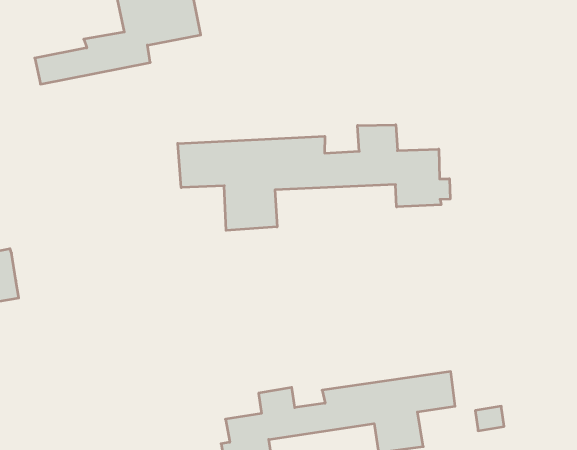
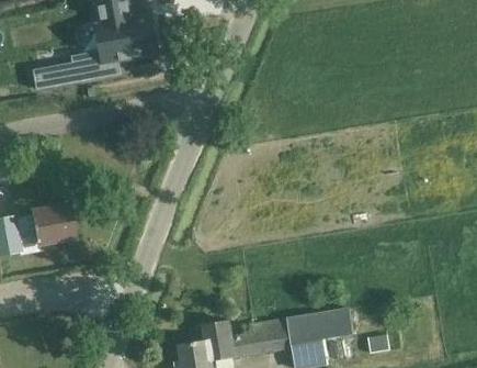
building: [178,125,450,230] -> none
building: none -> [15,202,75,250]

